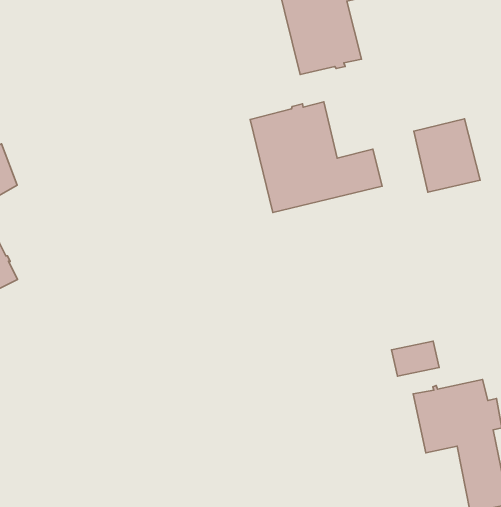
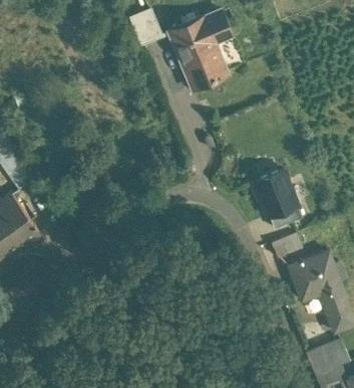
building: [250,102,382,213] -> none
building: [414,119,480,192] -> [254,169,298,216]

